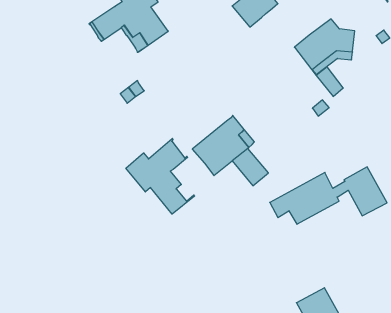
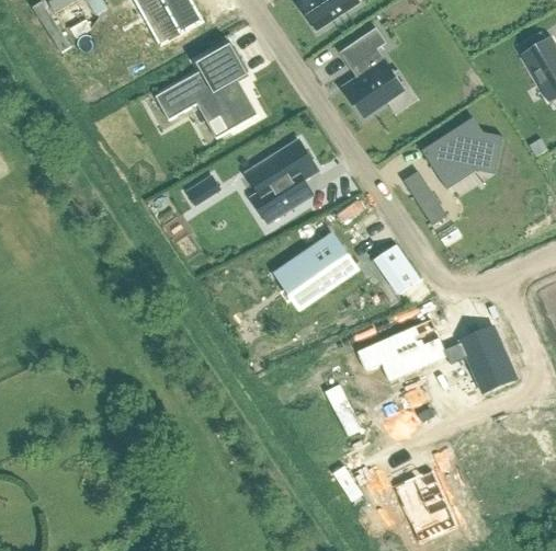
building: none -> [246,140,316,221]
building: [316,67,343,96] -> [411,185,445,225]
building: [126,138,195,214] -> none
building: [232,149,268,186] -> [374,244,420,294]

